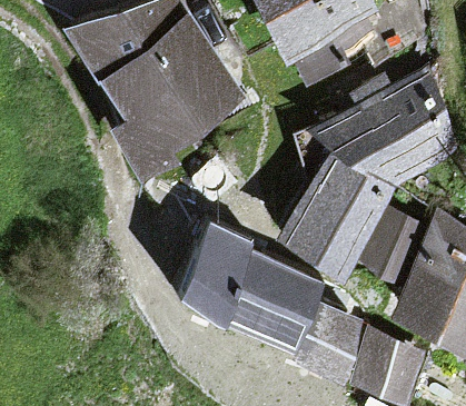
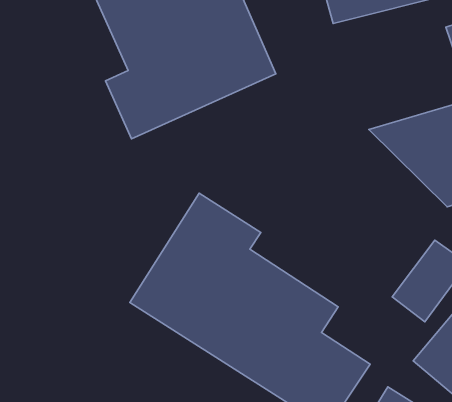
building: [278,156,388,274] -> none

